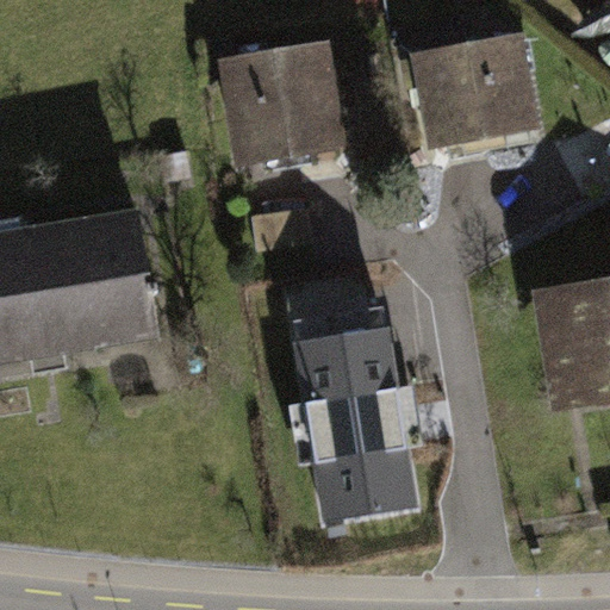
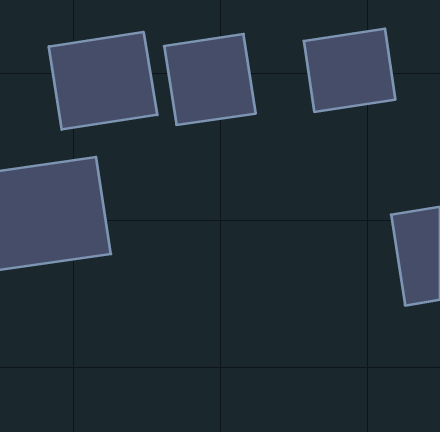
building: none -> [49,32,157,130]
building: [300,313,411,521] -> none

